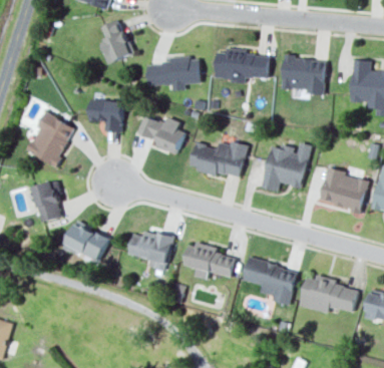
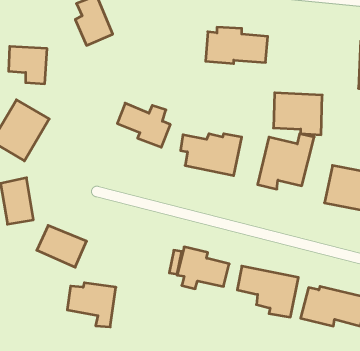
building: [146,56,200,91] -> none
building: [282,58,325,95] -> [273,93,322,135]
building: [89,99,123,132] -> [9,46,47,84]
building: [128,232,171,271] -> [67,283,116,327]

